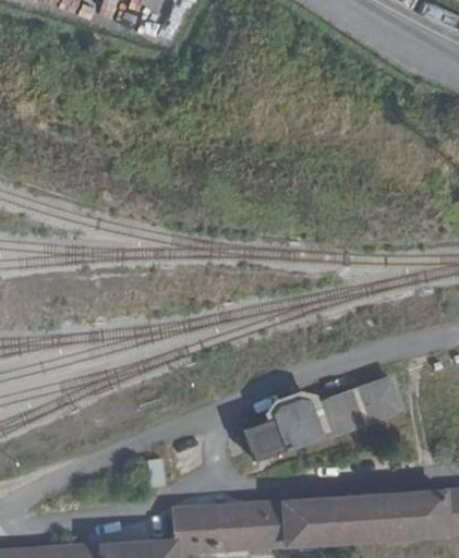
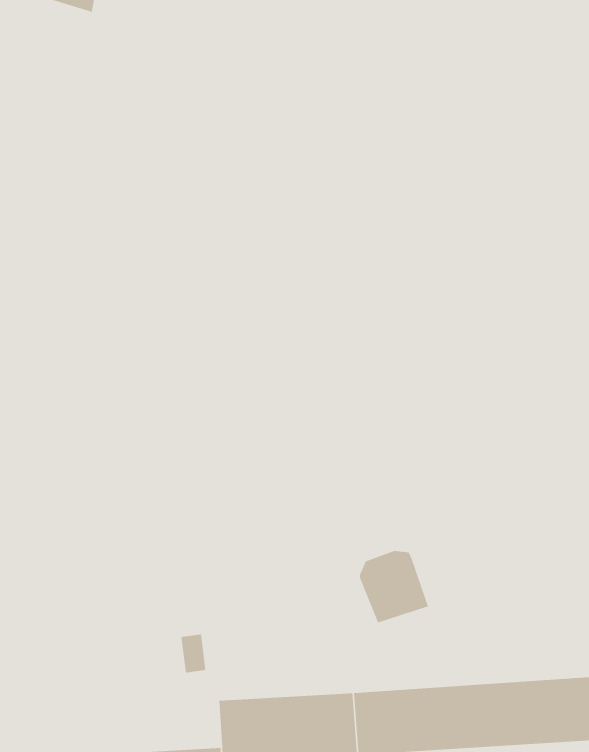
building: [312,376,406,439] -> none
building: [244,418,287,462] -> none

